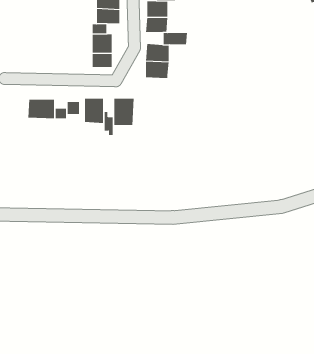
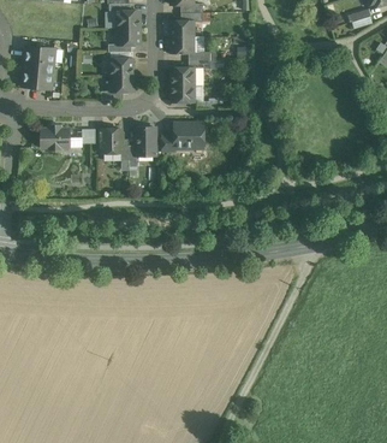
building: none -> [22,47,54,90]
building: none -> [162,120,204,149]

